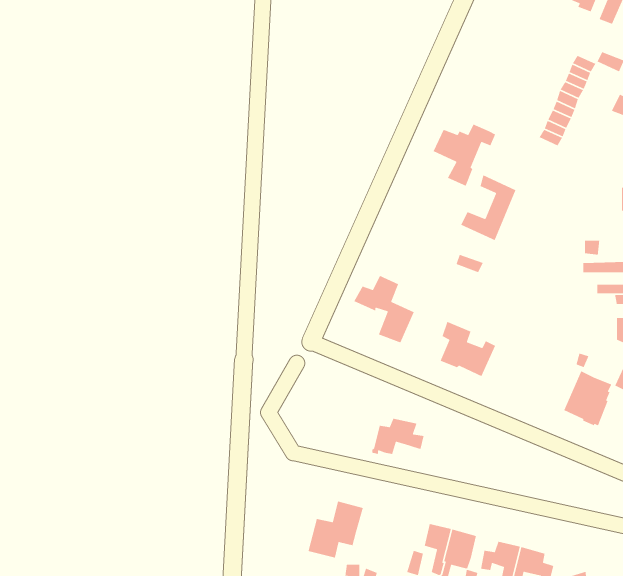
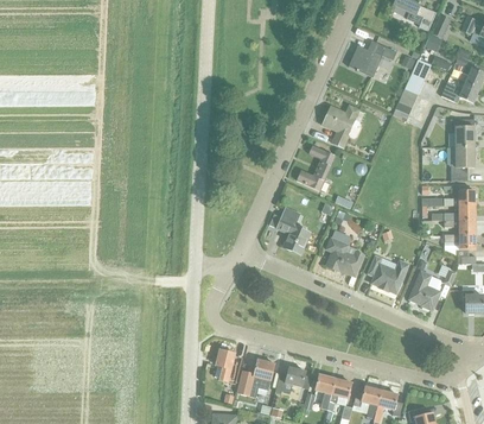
building: none -> [346,38,395,76]
building: [460,174,516,241] -> [295,144,333,189]
building: none -> [365,253,407,292]
building: [372,418,425,455] -> [274,366,310,391]
building: none -> [215,348,240,381]

